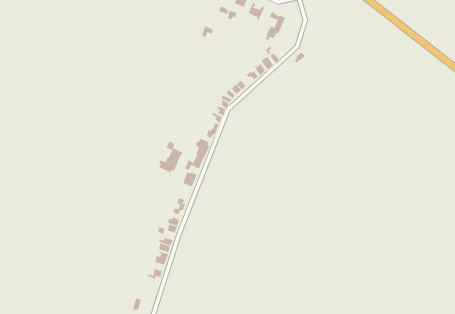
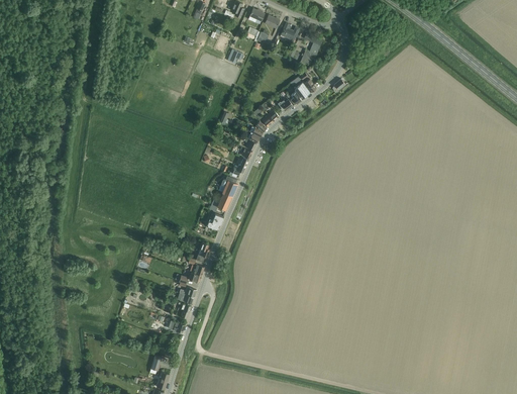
building: [159,140,183,173] -> none

